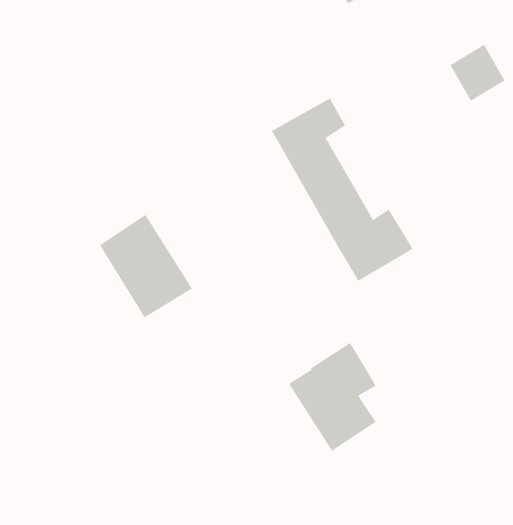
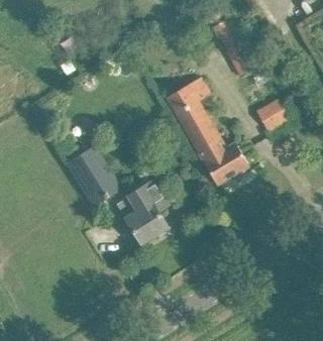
building: [450,44,505,101] -> [256,99,289,132]
building: [288,342,377,451] -> [116,180,168,243]

